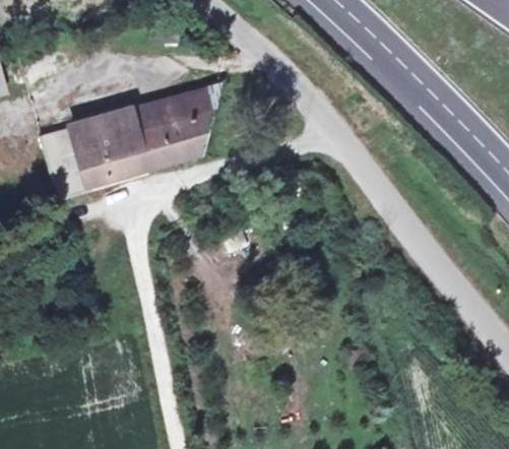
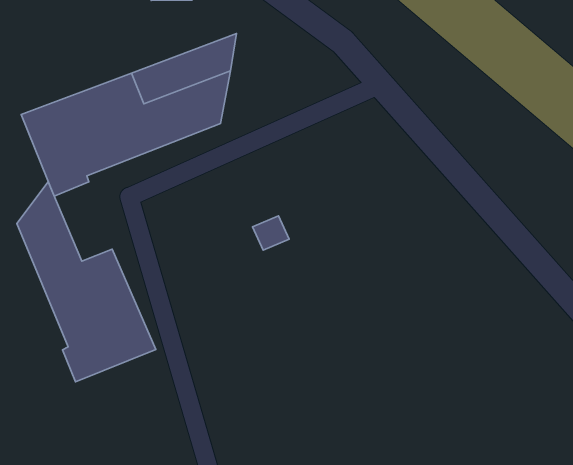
building: none -> [17,182,156,382]

